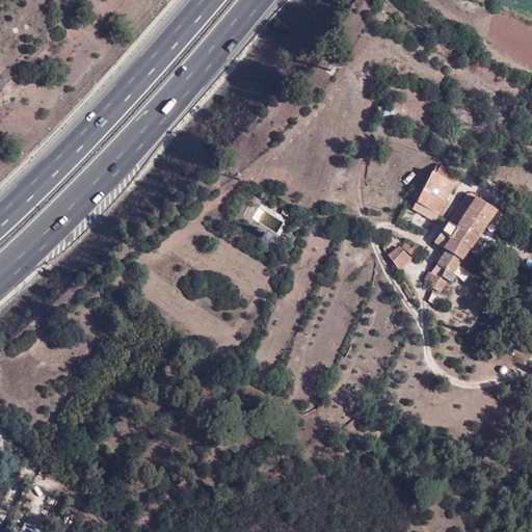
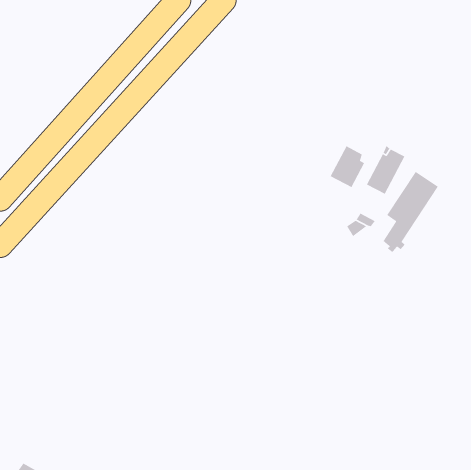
building: none -> [330,145,365,188]

